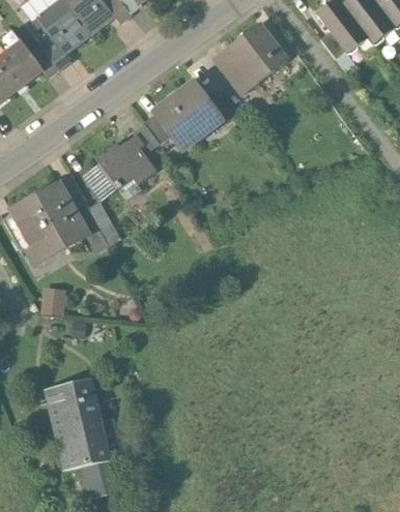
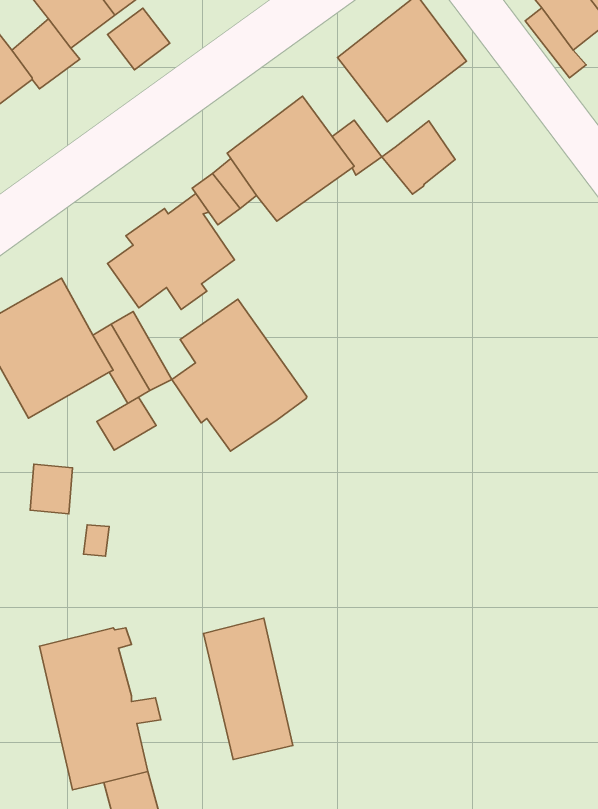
building: none -> [107,8,170,70]
building: none -> [382,121,455,194]
building: none -> [172,299,307,451]
building: none -> [97,397,156,450]
building: none -> [203,618,293,759]

